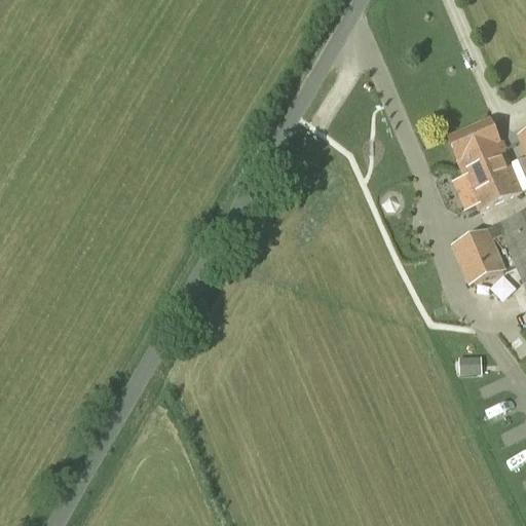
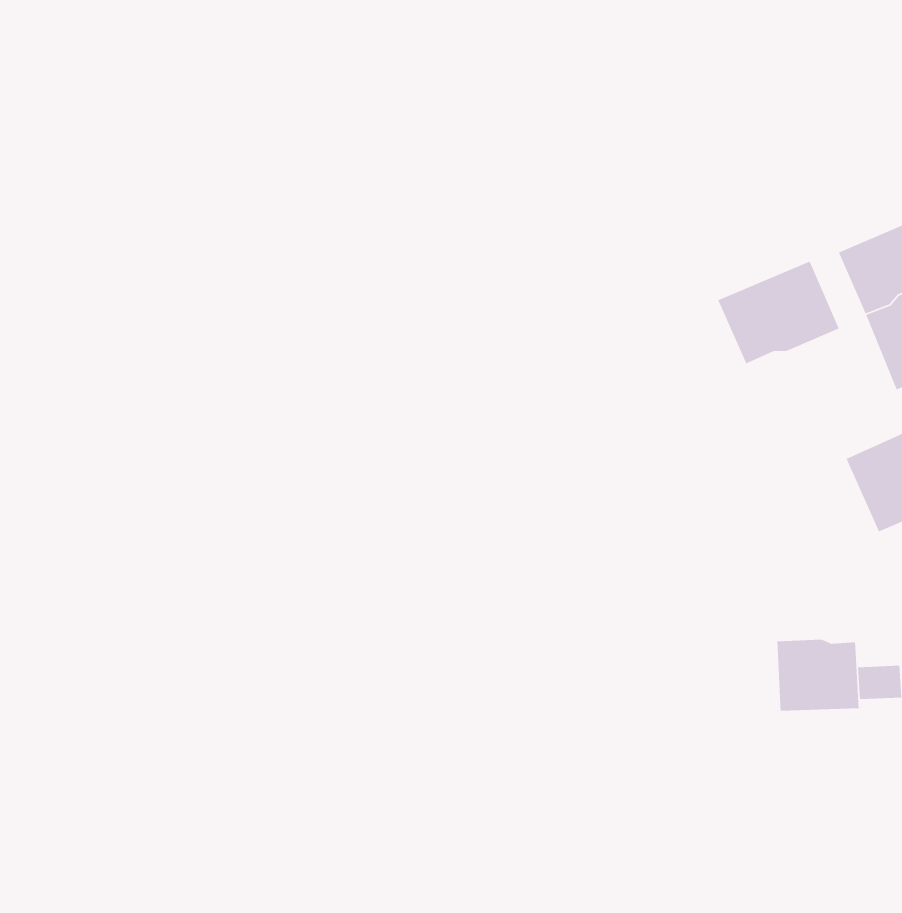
building: none -> [717,260,840,365]
building: none -> [776,639,859,712]

